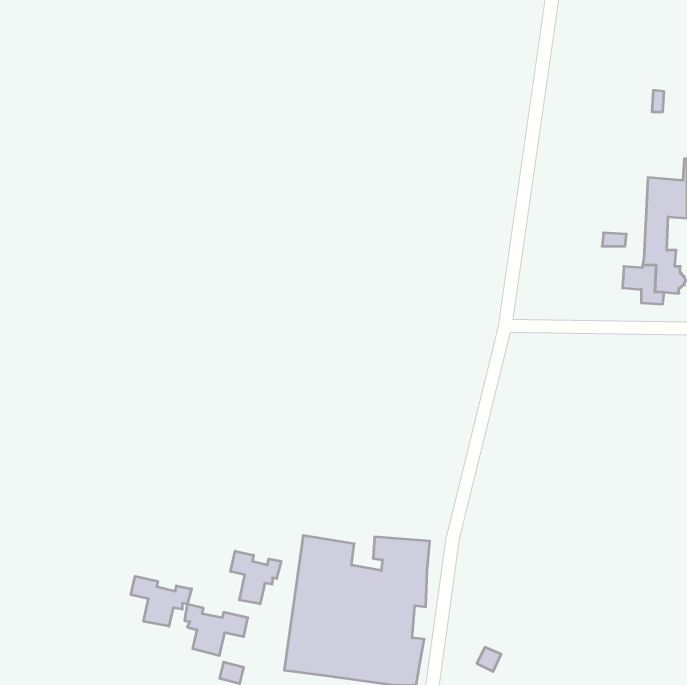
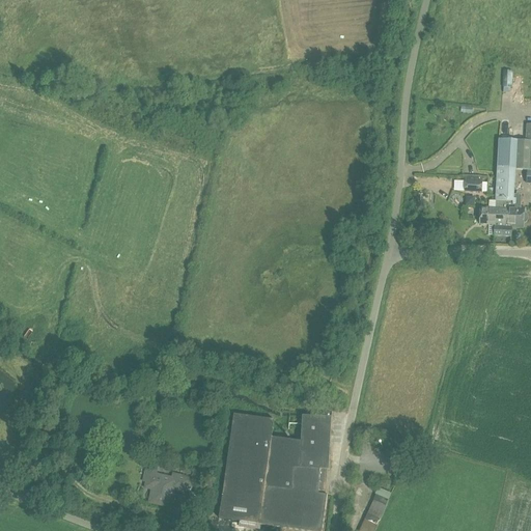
building: [231,551,281,604] -> none
building: [131,576,192,626] -> none

